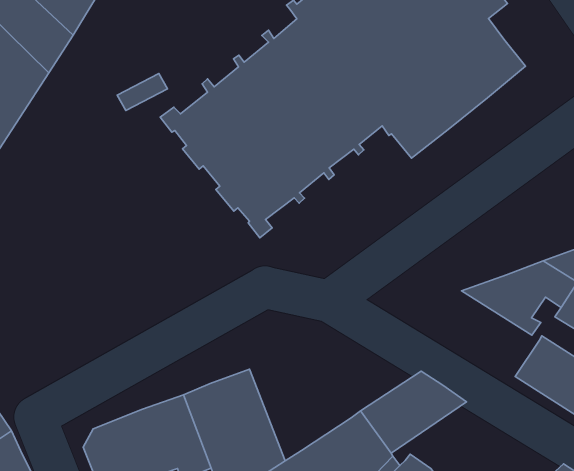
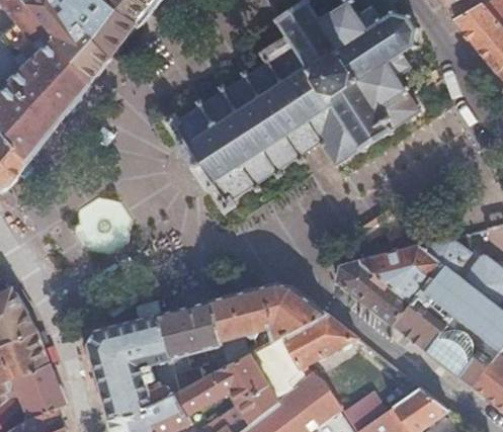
building: none -> [335,261,410,324]
building: none -> [207,282,326,366]

